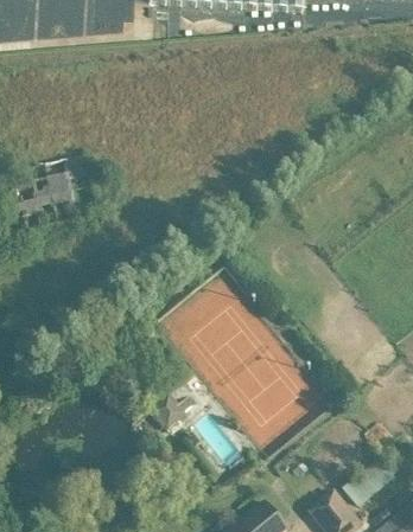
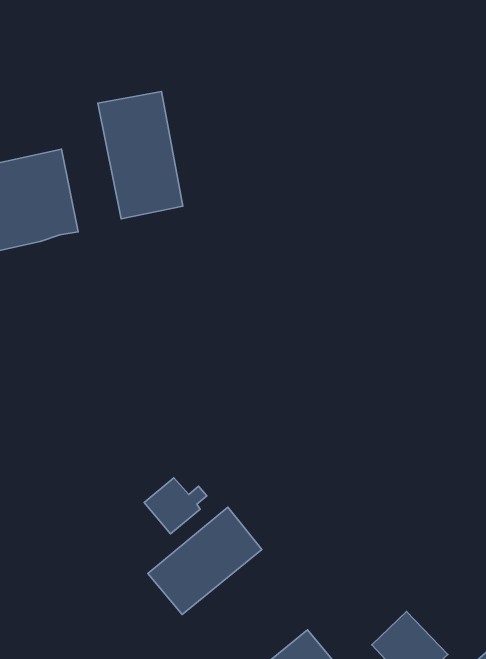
building: none -> [98,92,183,219]
building: none -> [148,507,262,614]

